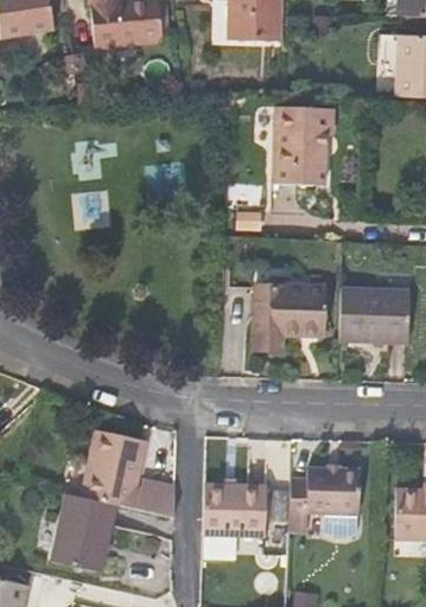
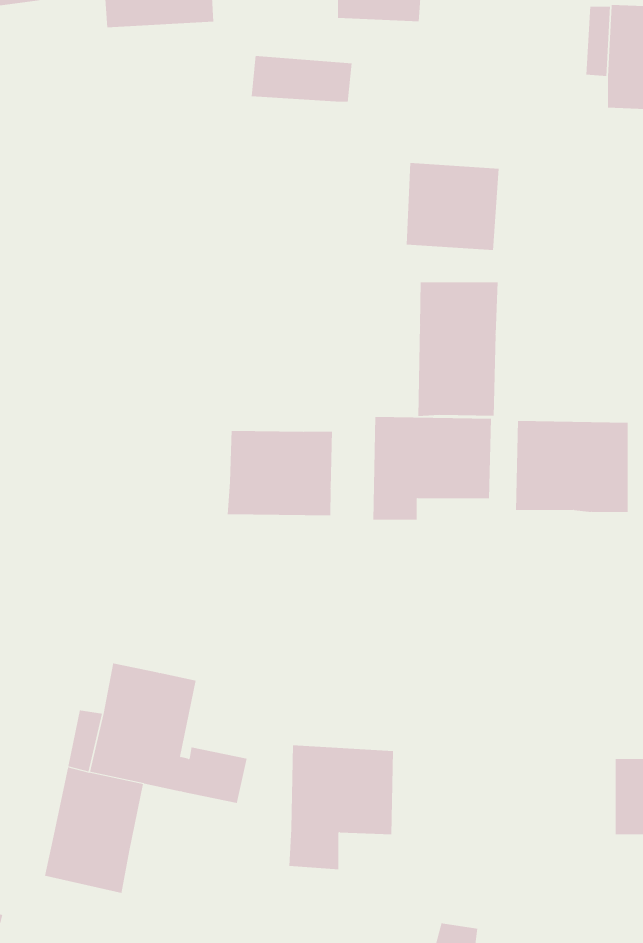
building: [276,104,338,133] -> [251,55,352,102]
building: none -> [418,281,498,417]
building: none -> [227,430,332,516]
building: [293,468,362,541] -> none

